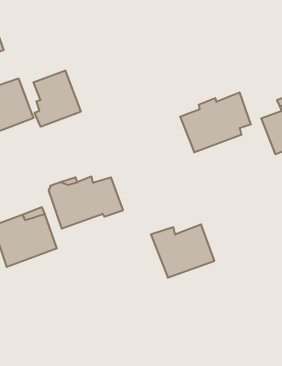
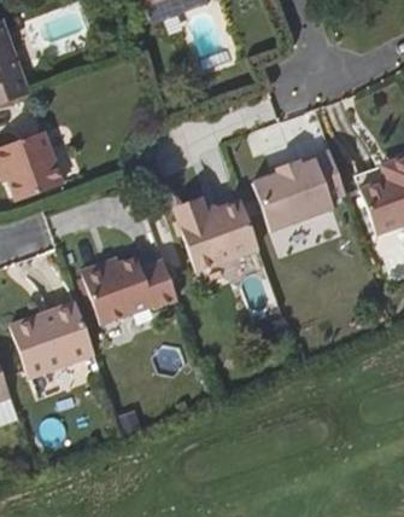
building: [33,70,81,127] -> none
building: [151,224,214,278] -> [175,198,257,267]

